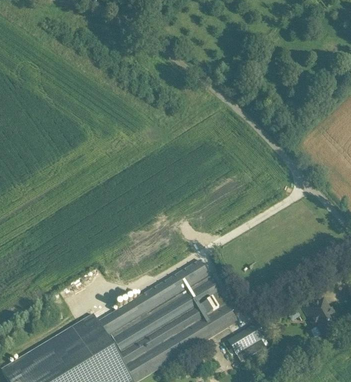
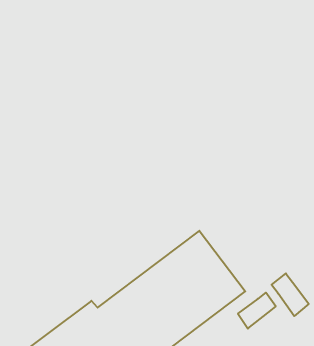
building: none -> [272,273,309,316]

